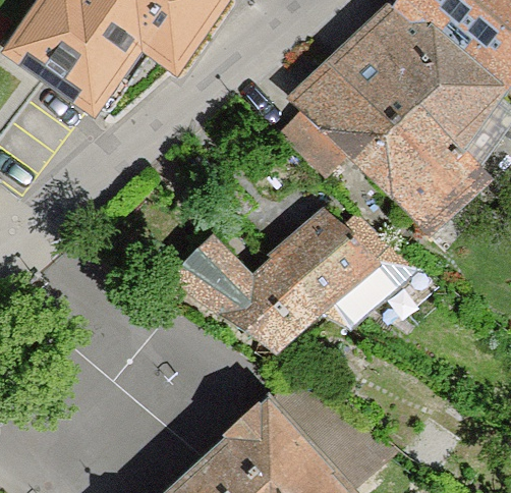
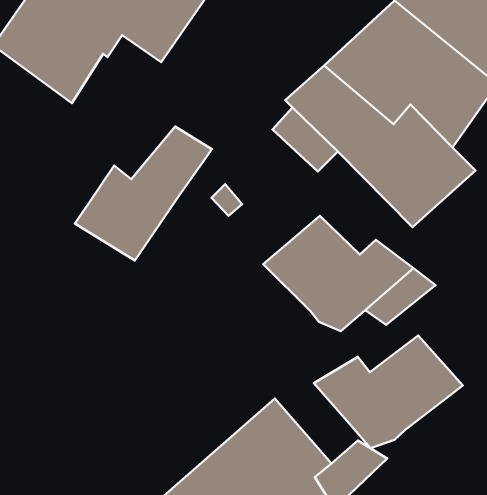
building: none -> [75,126,212,261]
building: [179,244,320,346] -> none
building: none -> [314,336,463,448]

